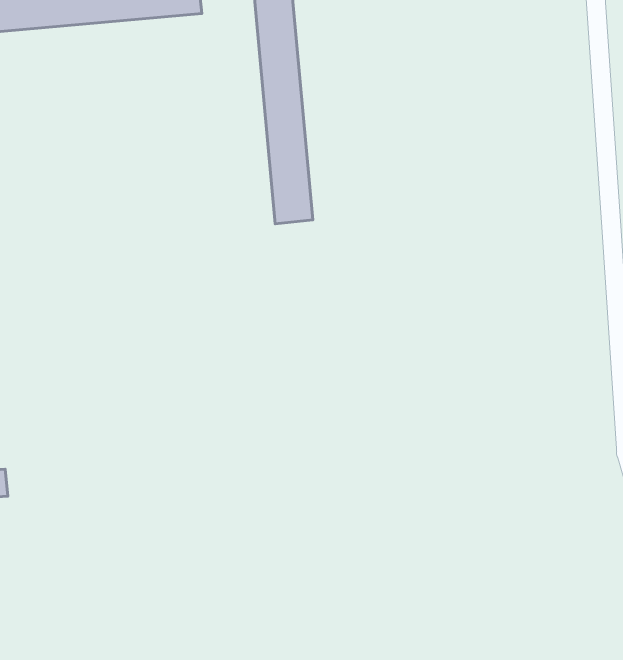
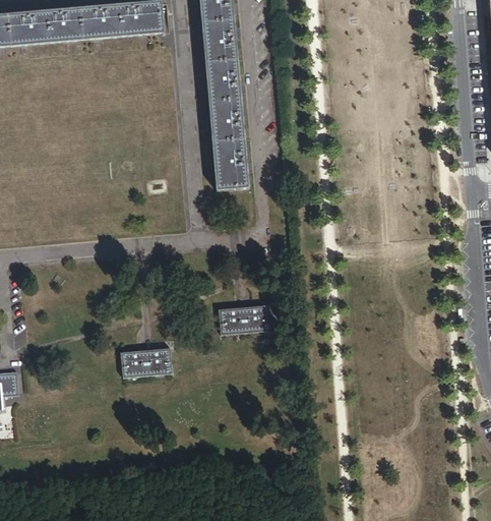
building: none -> [219,305,266,332]
building: none -> [121,348,169,374]

